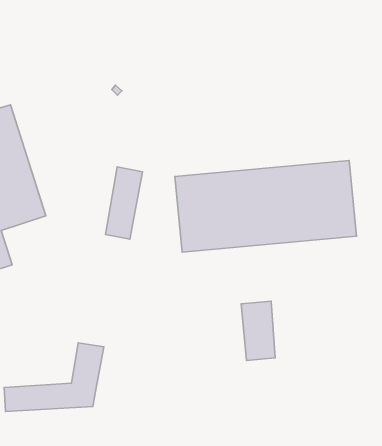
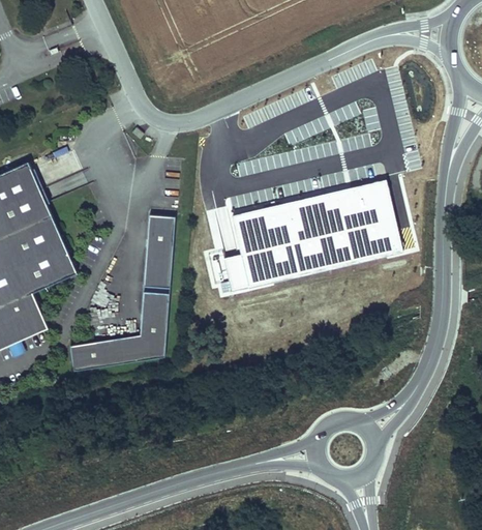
building: [241,301,275,361] -> none
building: [4,343,104,411] -> [70,291,169,371]

